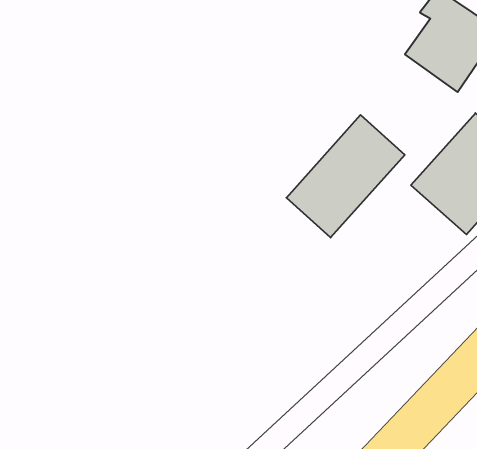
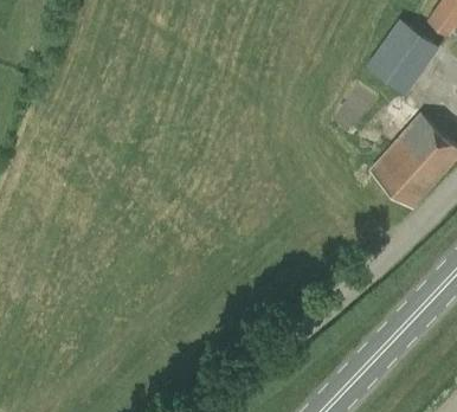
building: [286,115,405,238] -> none

